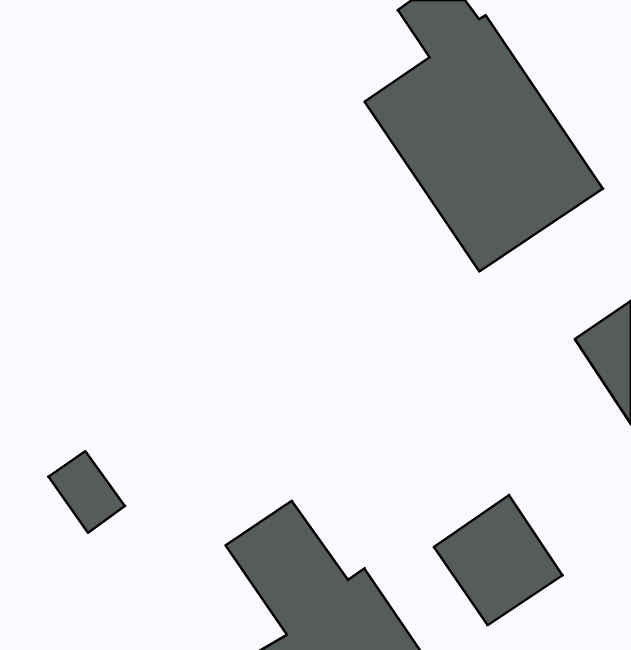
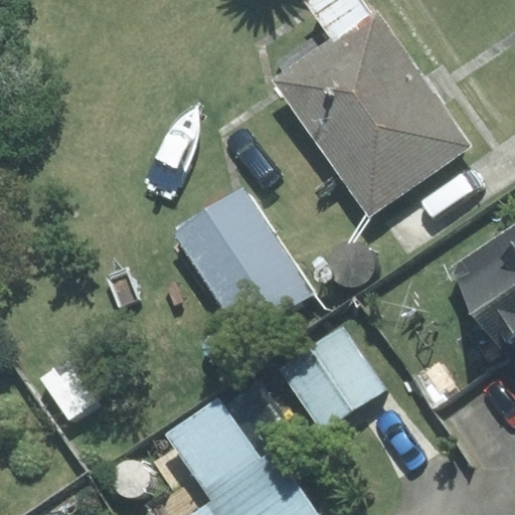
building: none -> [180,191,317,339]
building: [434,495,563,625] -> [283,329,384,432]

